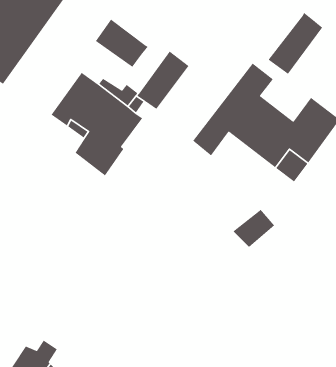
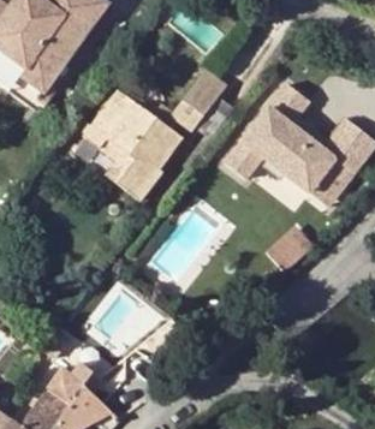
building: [267,12,323,75] -> none
building: [95,19,149,68] -> none

